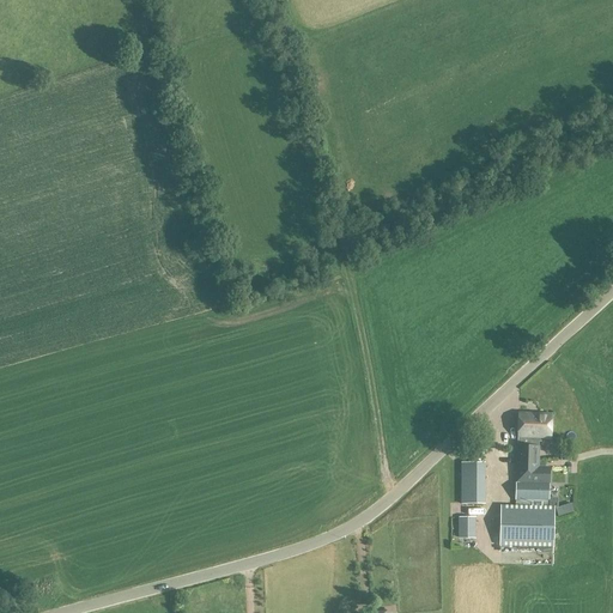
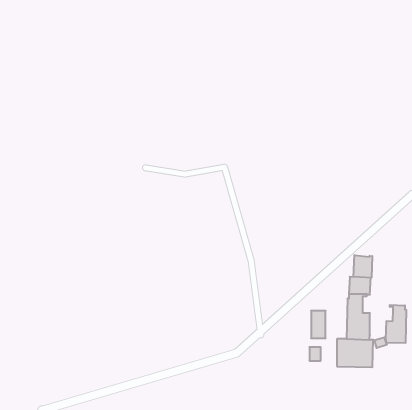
building: none -> [354,255,372,278]
building: none -> [386,305,406,343]

